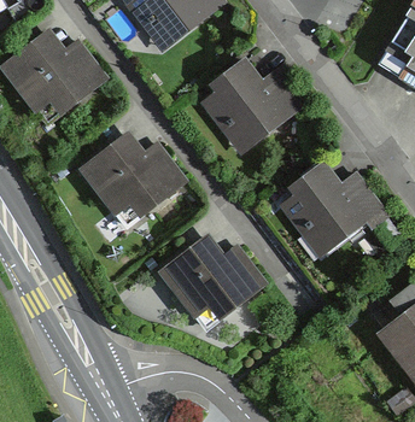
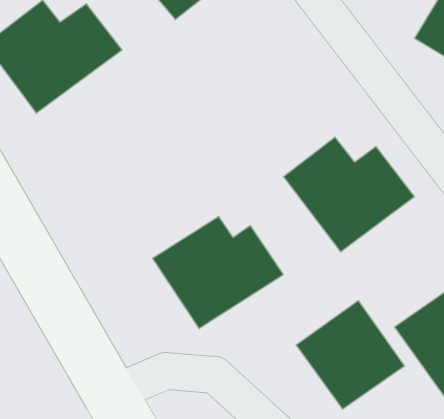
building: [193,58,310,159] -> none
building: [76,130,189,225] -> none
building: none -> [296,301,405,409]

